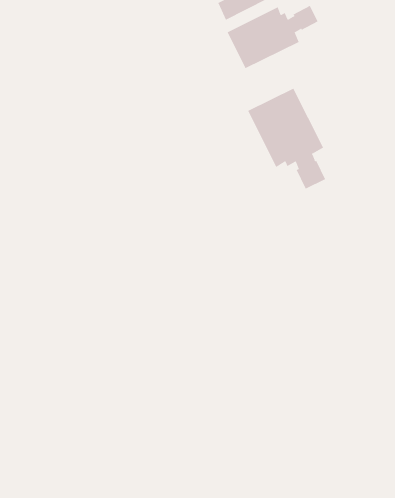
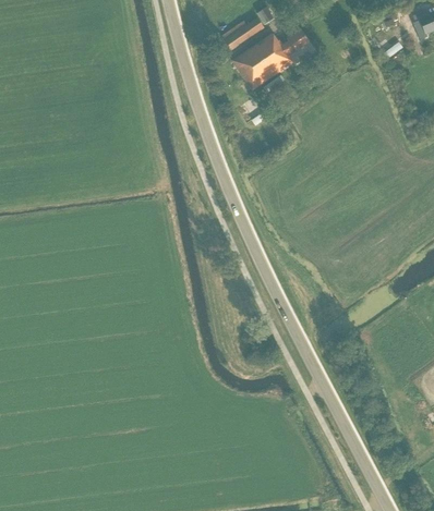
building: [247,88,326,190] -> none

